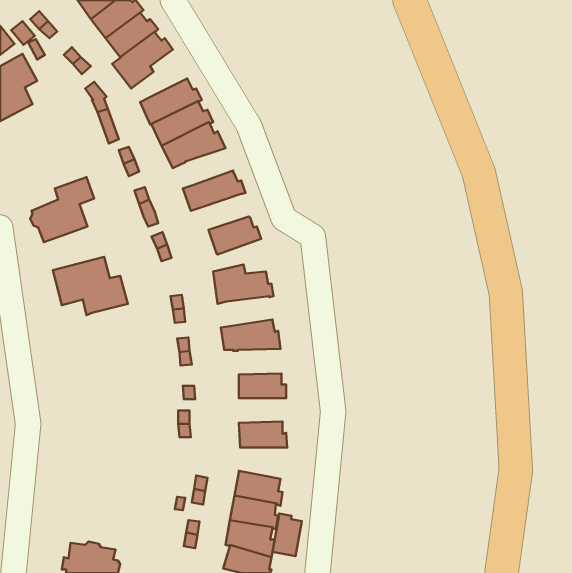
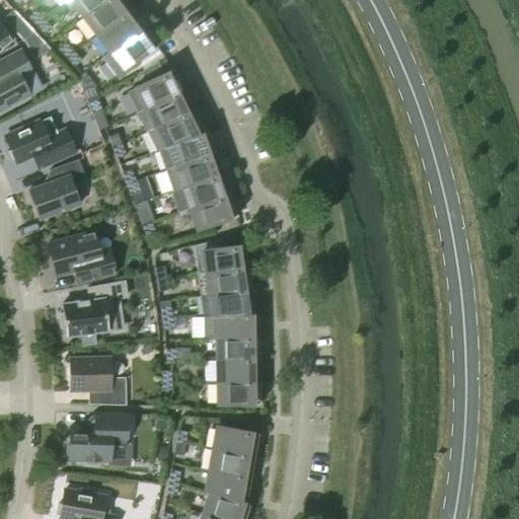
building: none -> [6,122,75,166]
building: none -> [168,134,216,167]
building: none -> [182,175,230,208]
building: none -> [198,268,251,296]
building: none -> [60,282,127,337]
building: none -> [204,315,258,339]
building: none -> [70,359,127,405]
building: none -> [217,360,260,382]
building: none -> [68,414,128,463]
building: [273,513,302,556] -> none

